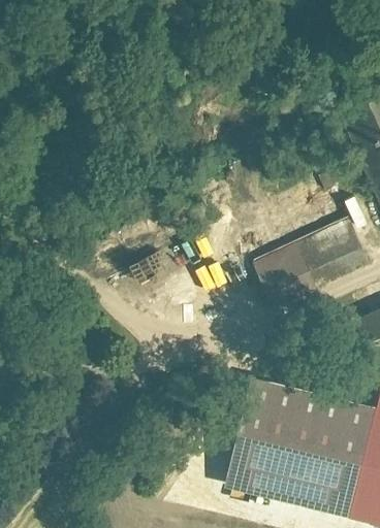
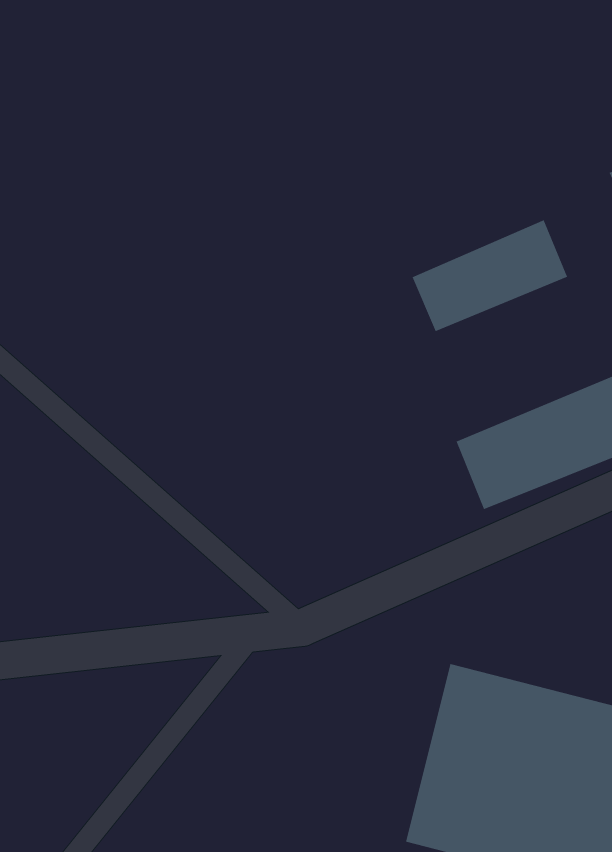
building: none -> [411,219,568,332]

